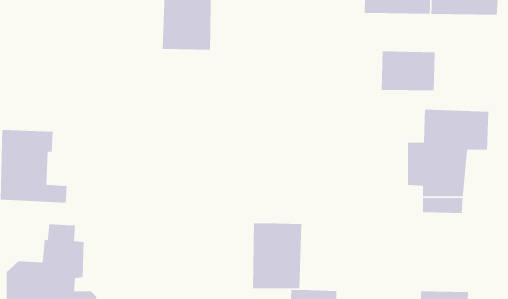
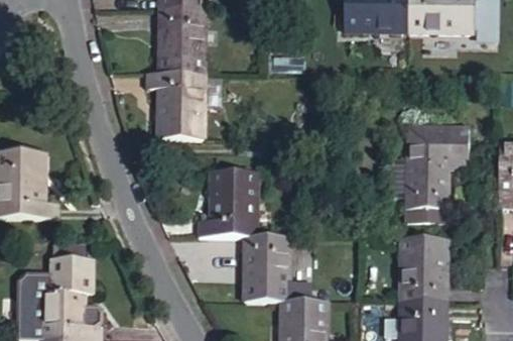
building: none -> [144,71,204,137]
building: [381,51,435,91] -> none
building: none -> [198,167,259,235]
building: none -> [402,239,452,301]

